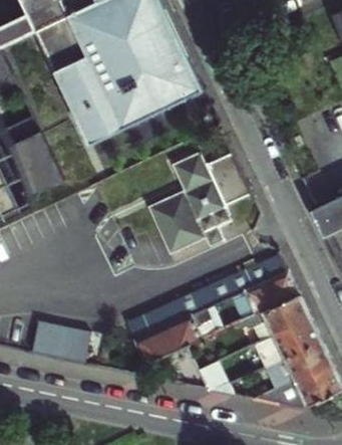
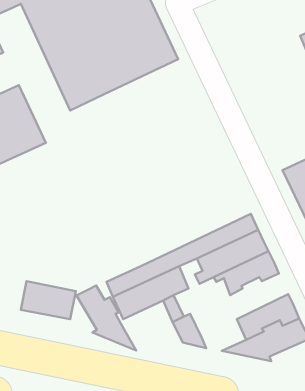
building: [145,152,250,253] -> none
building: [253,317,319,367] -> none
building: none -> [76,285,136,351]

